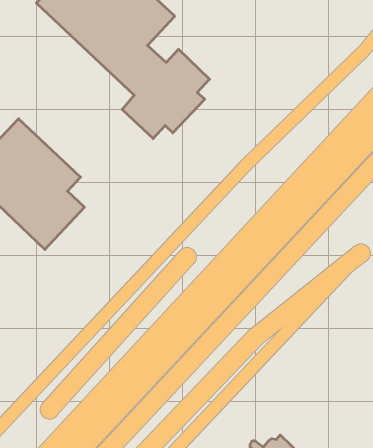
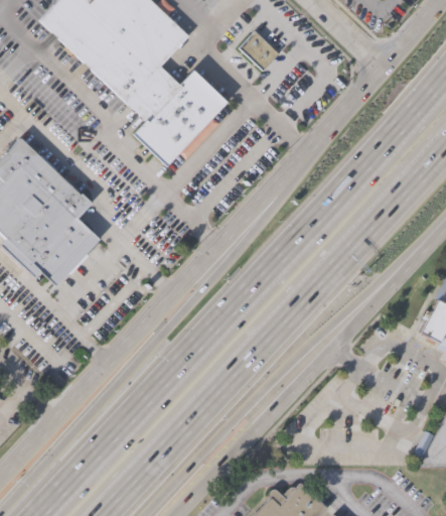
building: none -> [240,29,280,69]

